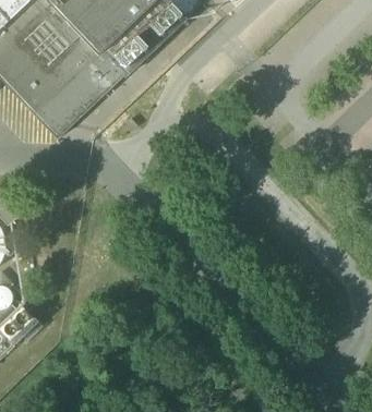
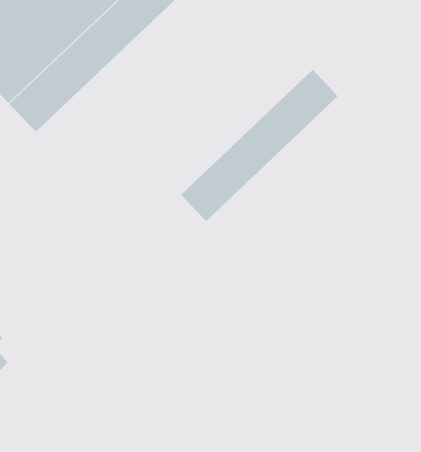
building: none -> [180,69,339,222]

